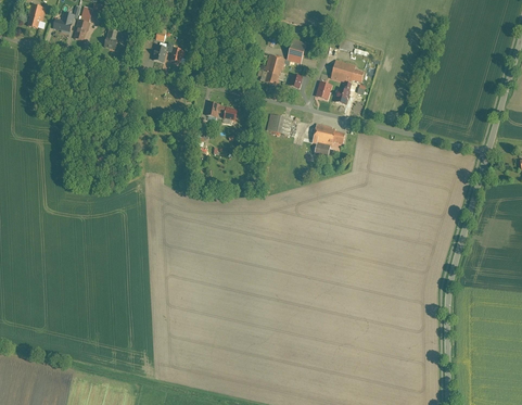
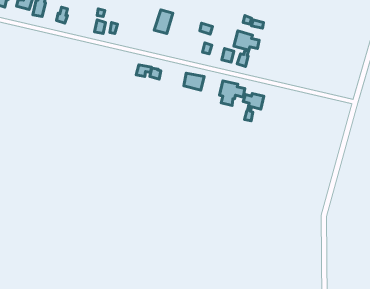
building: [262,53,285,84] -> [154,10,173,33]
building: none -> [243,93,264,121]

